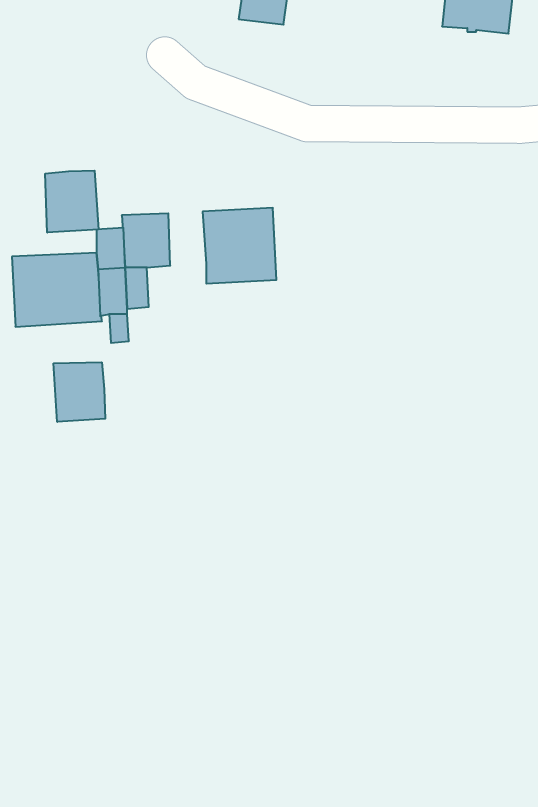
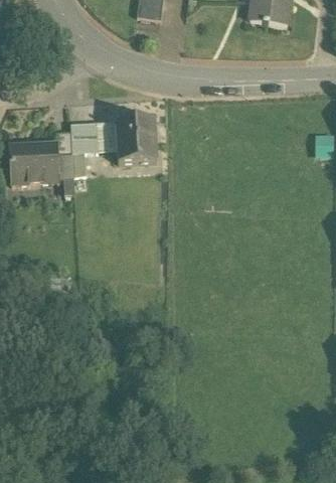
building: [45,171,98,233] -> none
building: none -> [97,121,118,151]
building: [54,362,105,422] -> none

